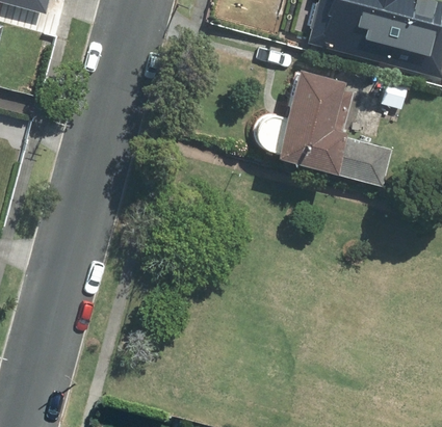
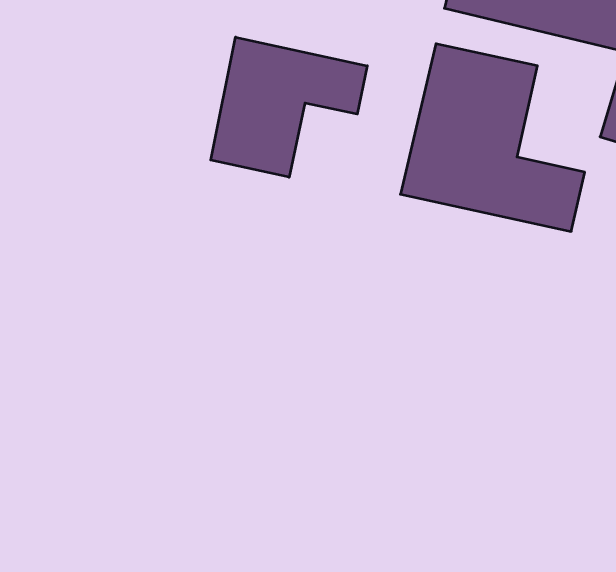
building: none -> [211,37,367,177]

